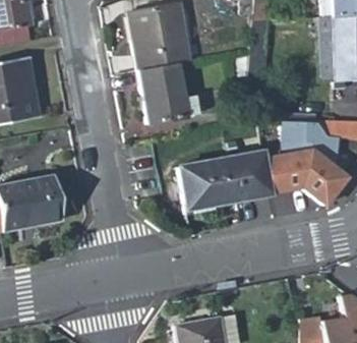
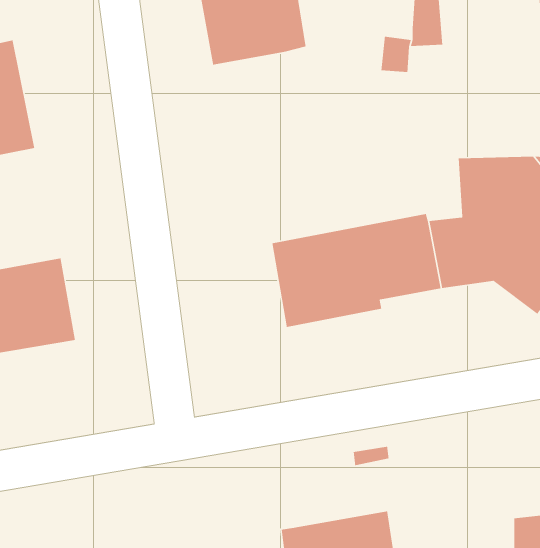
building: [140,62,201,123] -> none

